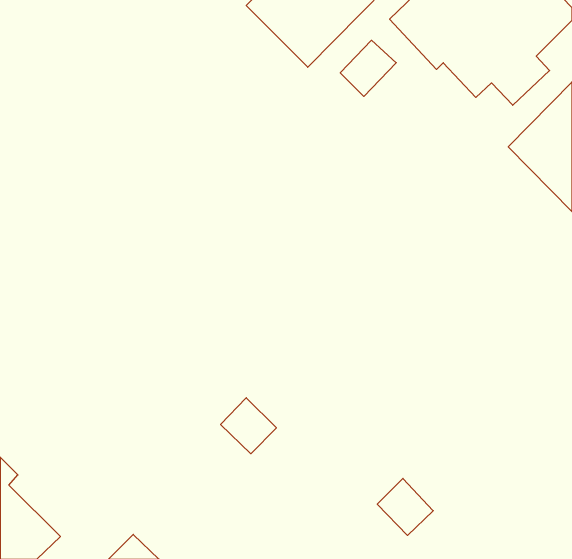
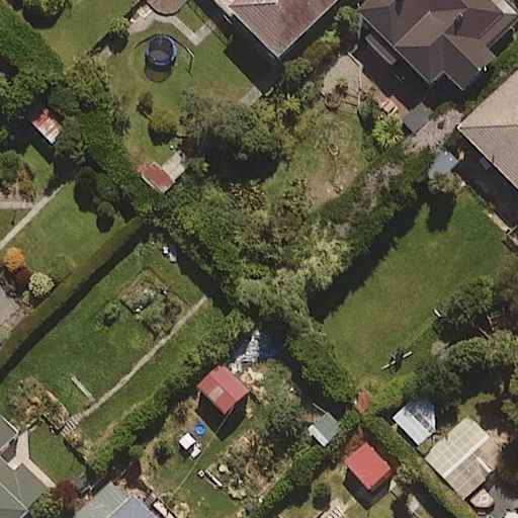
building: none -> [425,410,509,493]

